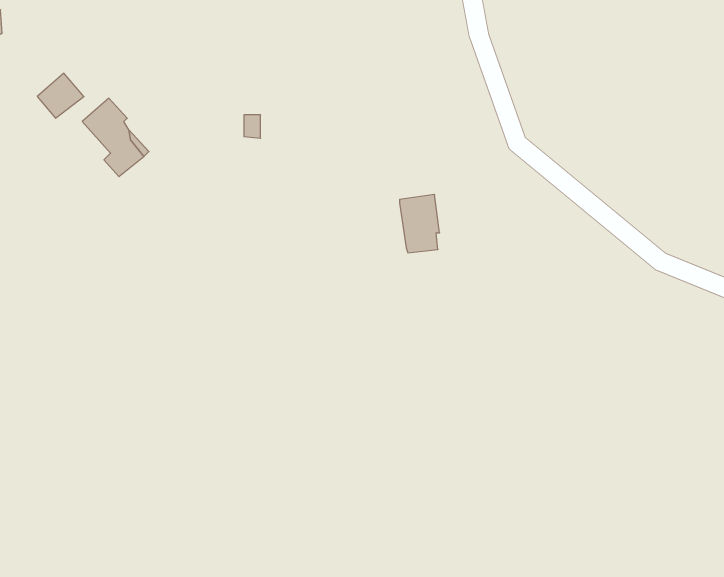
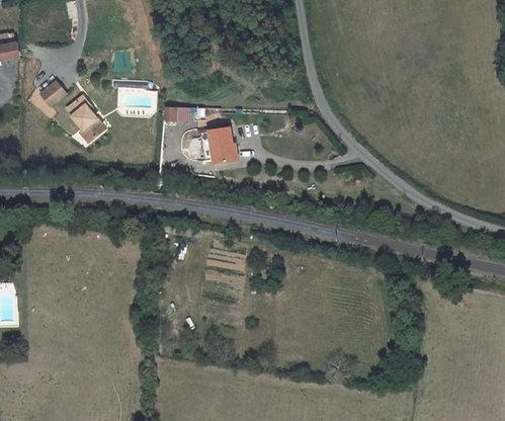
building: [400,194,440,253] -> [207,128,232,163]

